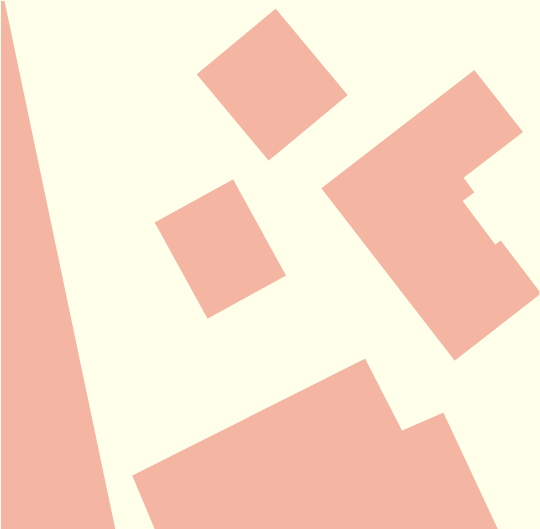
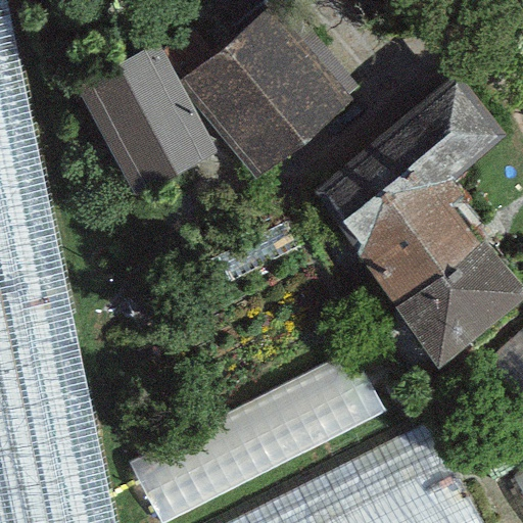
building: none -> [78,44,216,194]
building: [154,178,287,320] -> none

